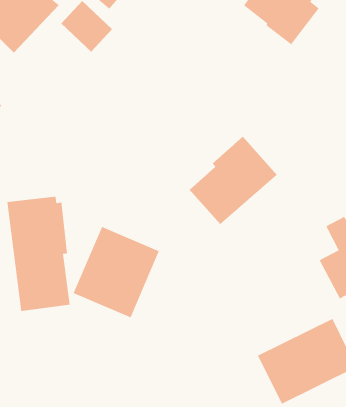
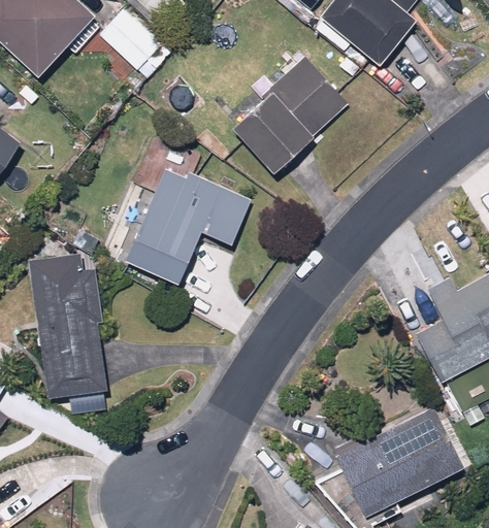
building: none -> [125,170,251,283]
building: [189,136,278,225] -> [235,60,346,170]
building: [73,226,160,318] -> none

